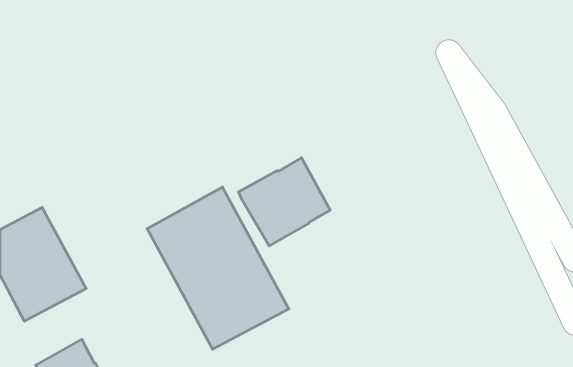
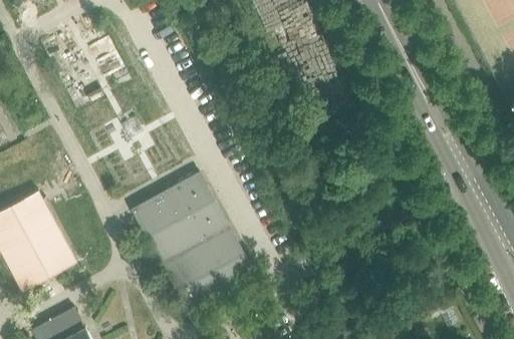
building: [238,158,330,246] -> none

